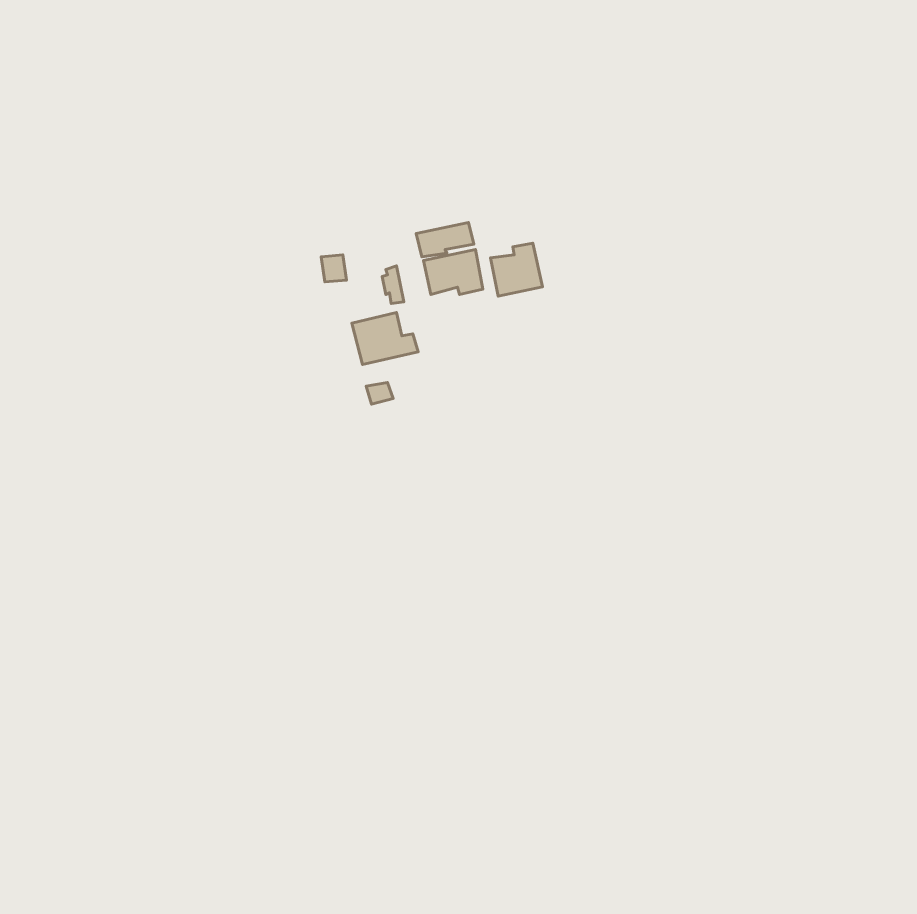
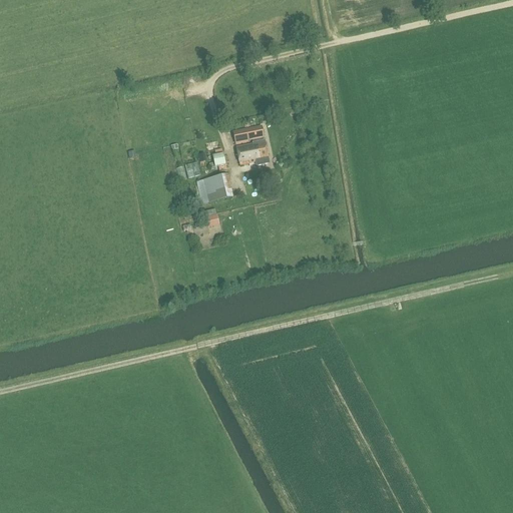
building: [491,243,543,296] -> none

